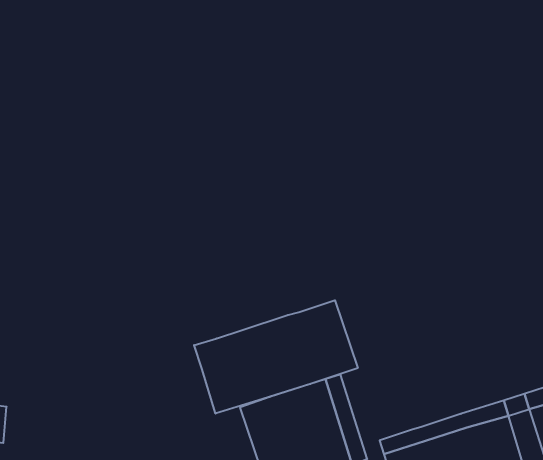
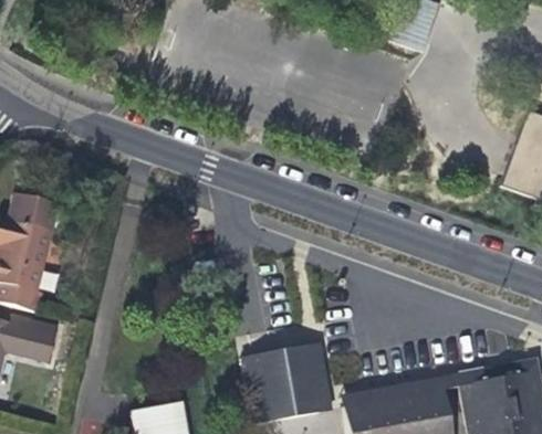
building: [194,300,358,414] -> none

